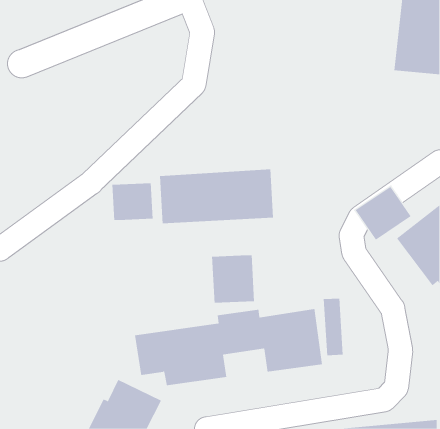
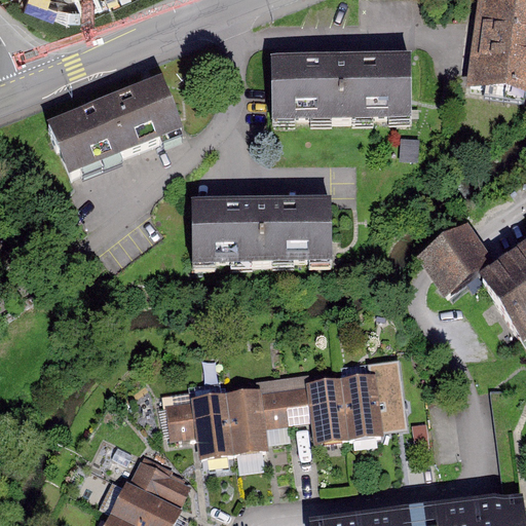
building: none -> [273,59,414,111]
building: none -> [51,76,183,170]
building: [112,182,153,221] -> none
building: [212,255,255,304] -> none

